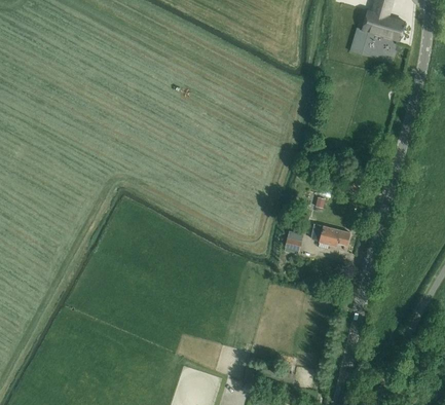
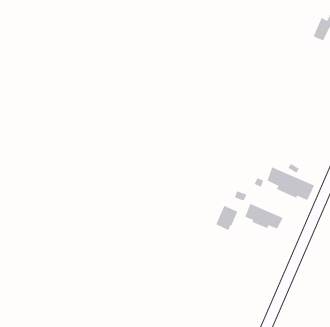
building: none -> [267,166,315,201]

